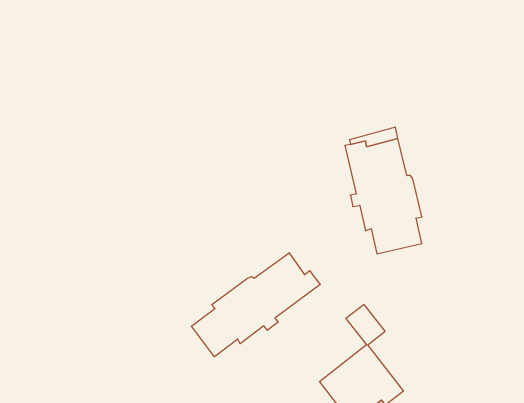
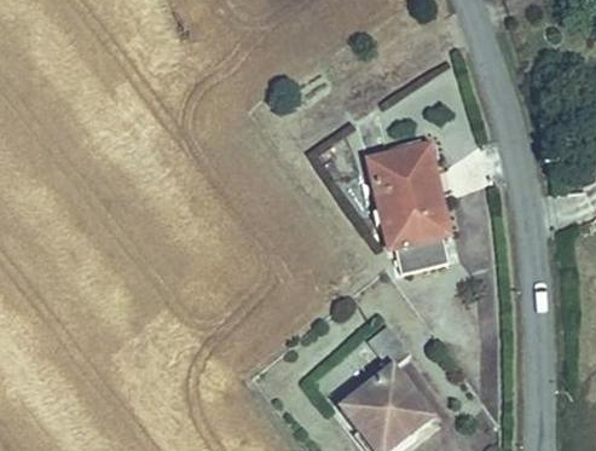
building: [191,253,320,357] -> none

